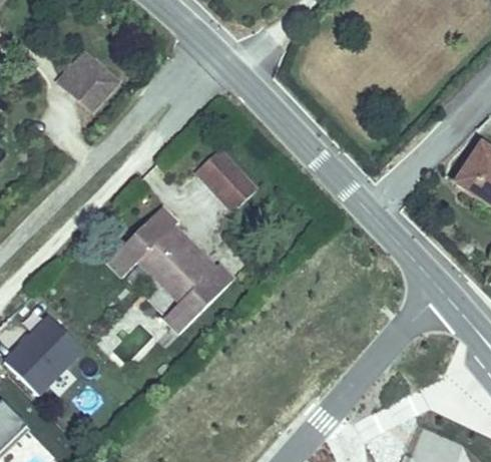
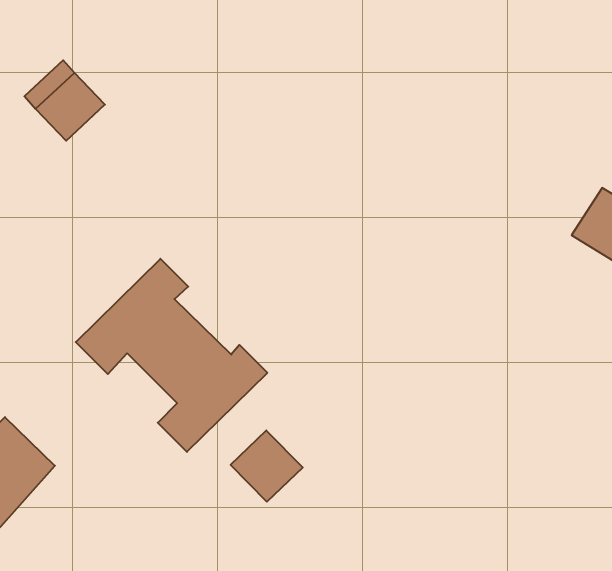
building: [193,146,257,207] -> none
building: none -> [231,430,303,502]

